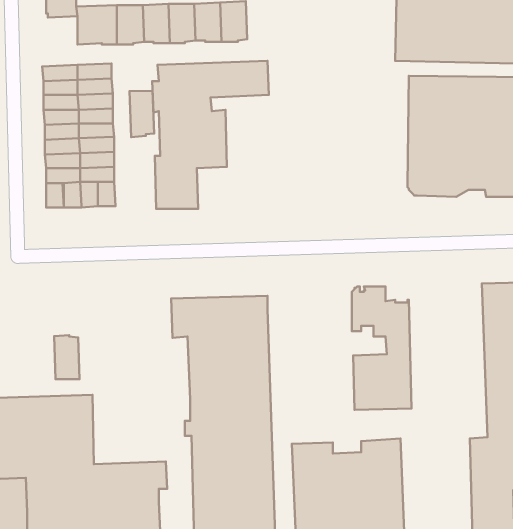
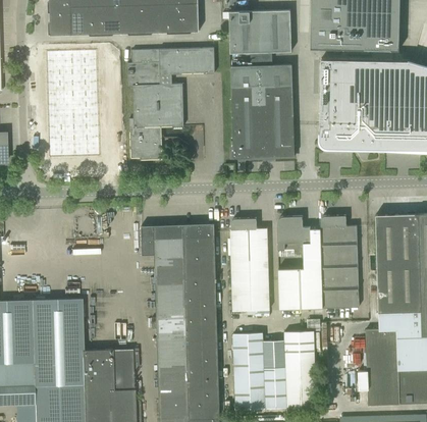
building: none -> [229,9,291,53]
building: none -> [49,13,71,35]
building: none -> [230,64,296,158]
building: [129,91,154,137] -> none
building: none -> [320,215,359,308]
building: none -> [230,217,269,311]
building: [54,335,79,379] -> none

